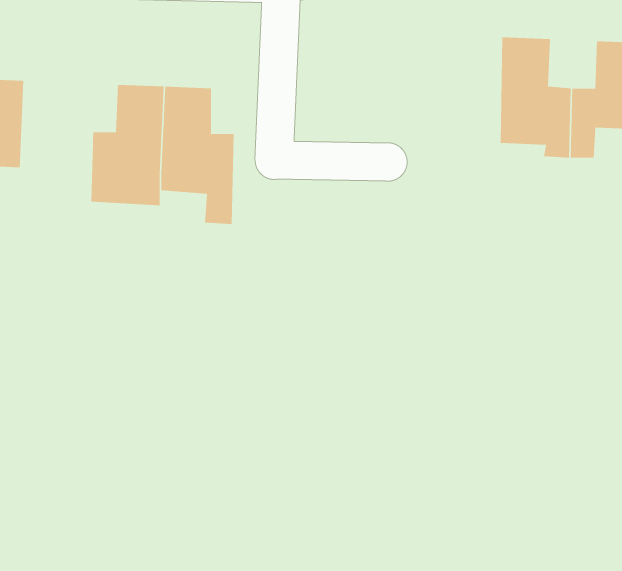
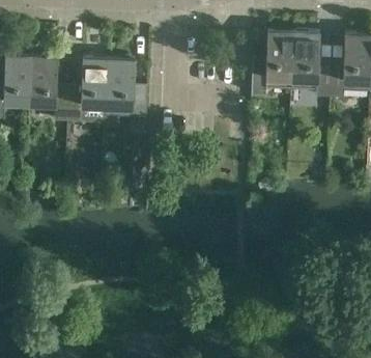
building: none -> [250,29,292,94]
building: none -> [29,54,68,120]

